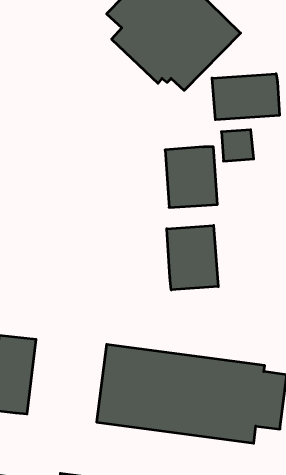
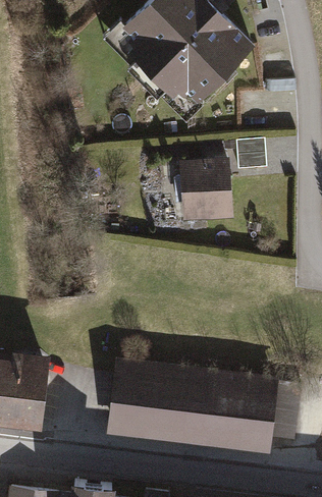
building: [212,74,279,120] -> none
building: [167,225,218,290] -> none

